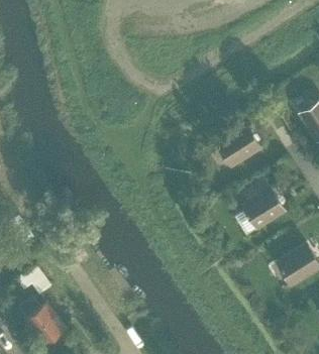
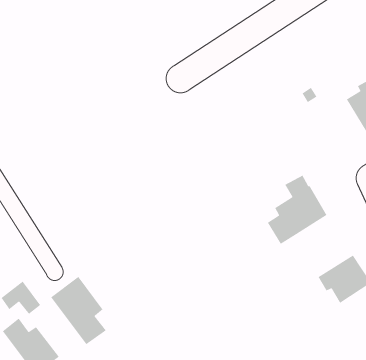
building: [216,125,260,164] -> none
building: none -> [50,276,107,345]

